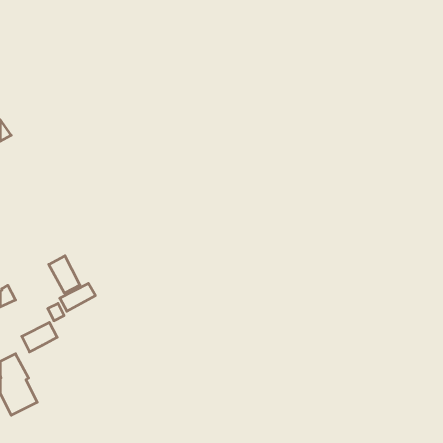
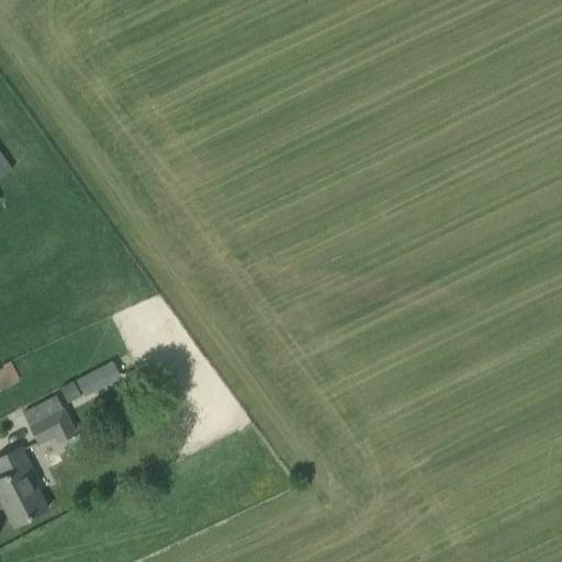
building: [49,256,80,293] -> none

